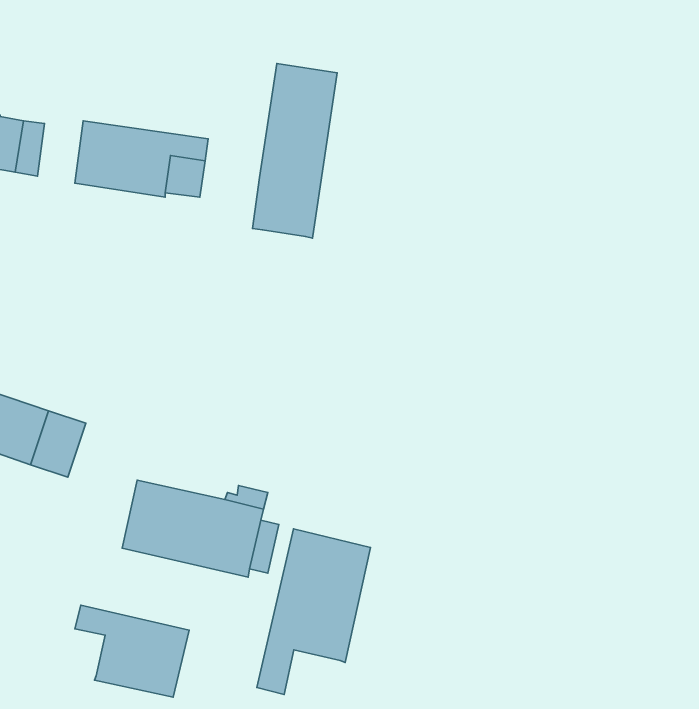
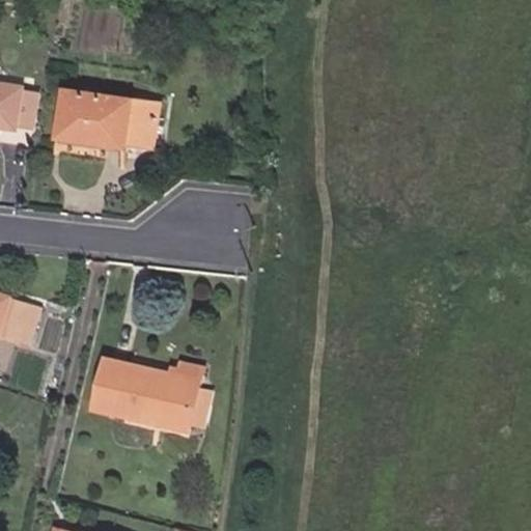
building: [252,63,337,238] -> none
building: [257,529,371,694] -> none
building: [75,605,189,697] -> none

